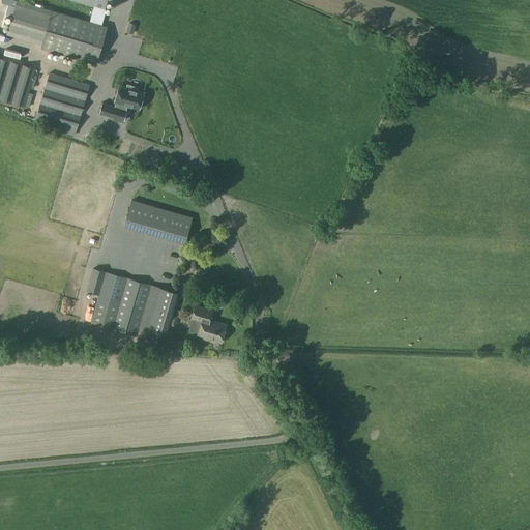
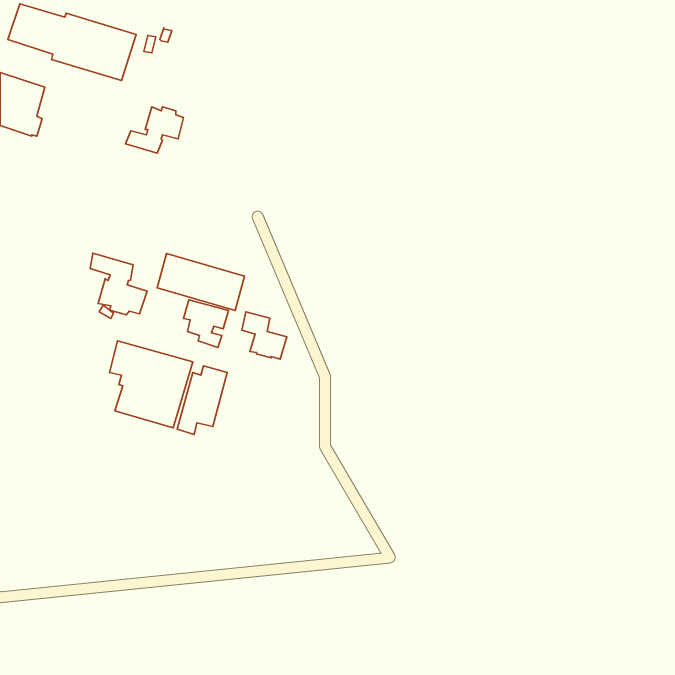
building: [34,71,89,136] -> none
building: none -> [90,253,147,315]
building: [190,304,226,342] -> [242,312,287,359]

